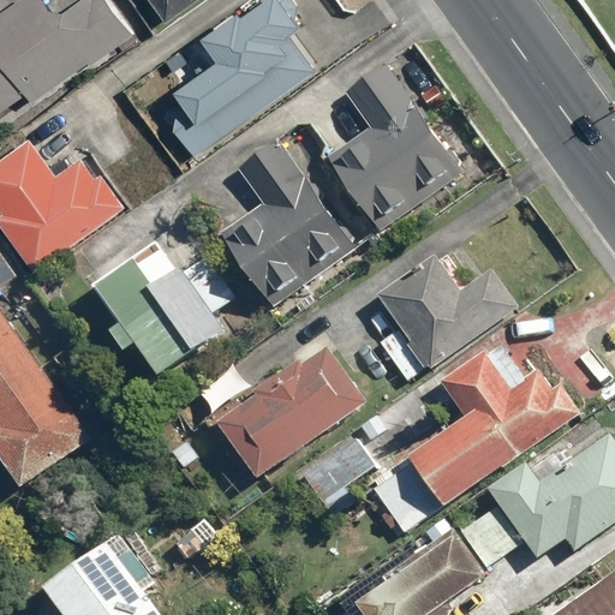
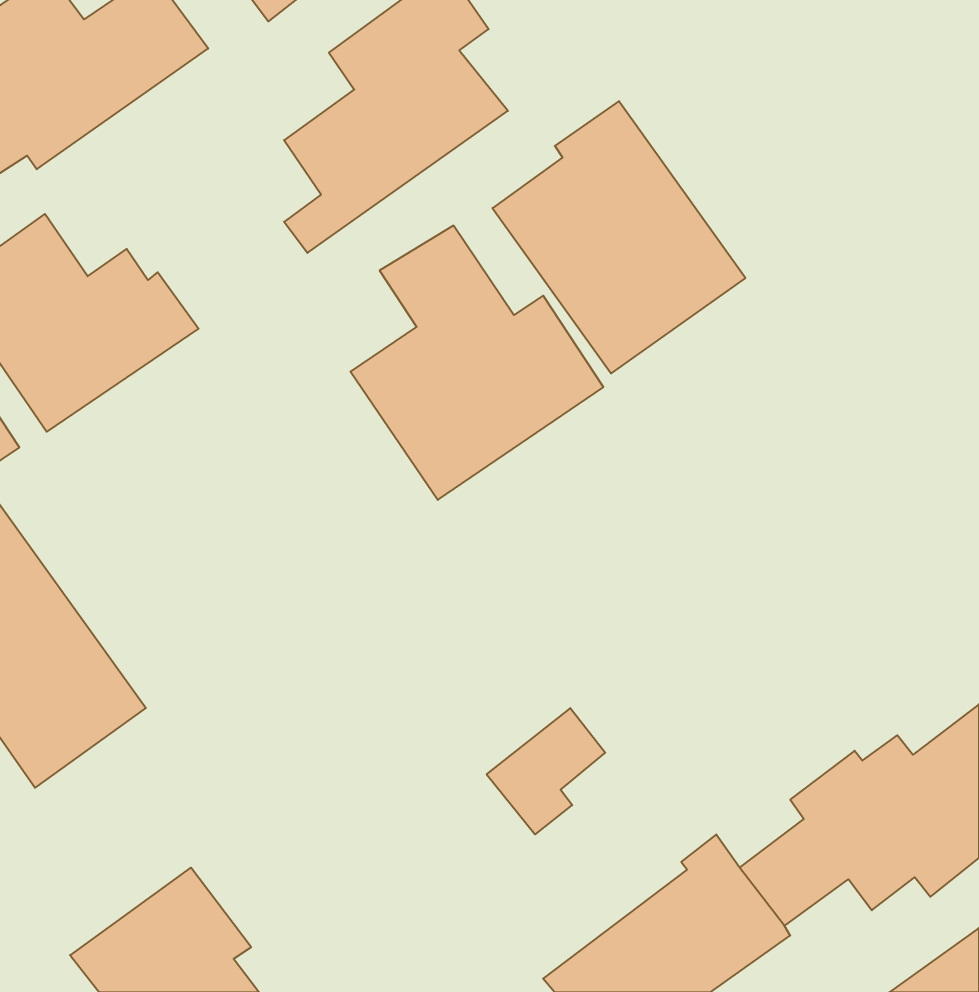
building: [95,241,237,381] -> none
building: [375,255,517,382] -> none
building: [198,342,368,489] -> none
building: [365,346,578,536] -> none

